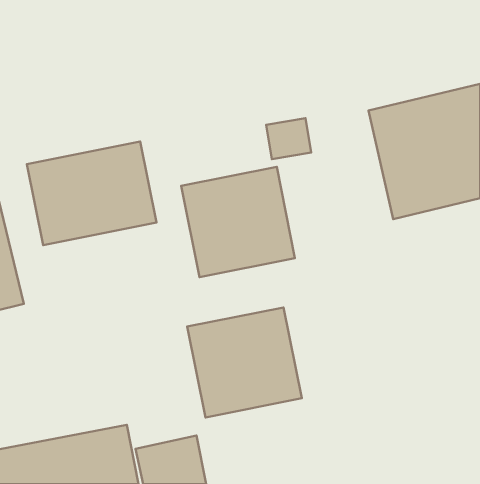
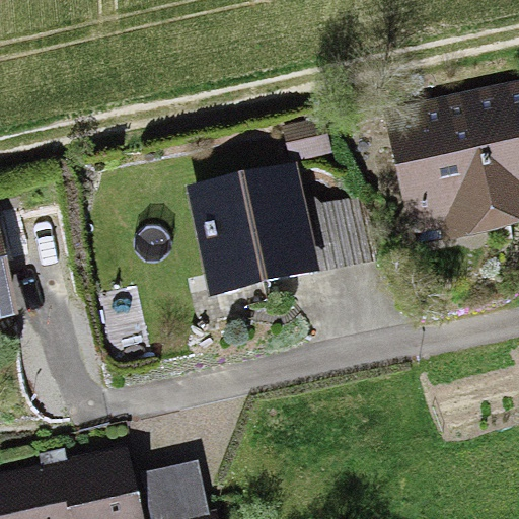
building: [27,142,157,245] -> none
building: [187,307,302,417] -> none

